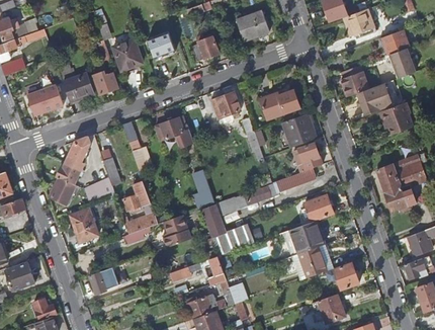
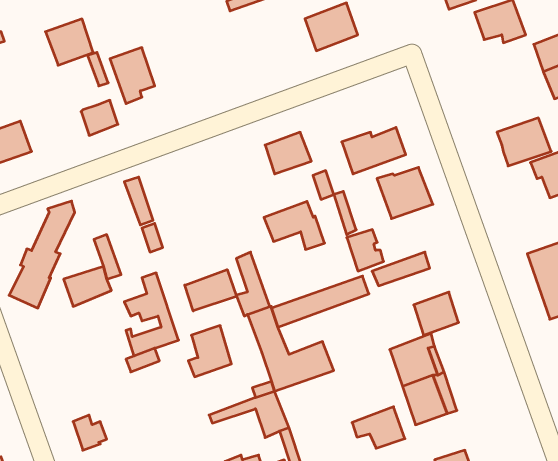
building: [147,30,175,58] -> none
building: [191,34,219,60] -> none
building: [340,65,367,94] -> none
building: [62,73,92,102] -> [45,19,93,65]
building: [154,115,192,146] -> [264,201,325,249]
building: [298,143,322,169] -> [347,230,384,271]
building: none -> [185,270,237,311]
building: [72,208,100,239] -> none
building: [326,262,359,288] -> [352,407,405,448]

